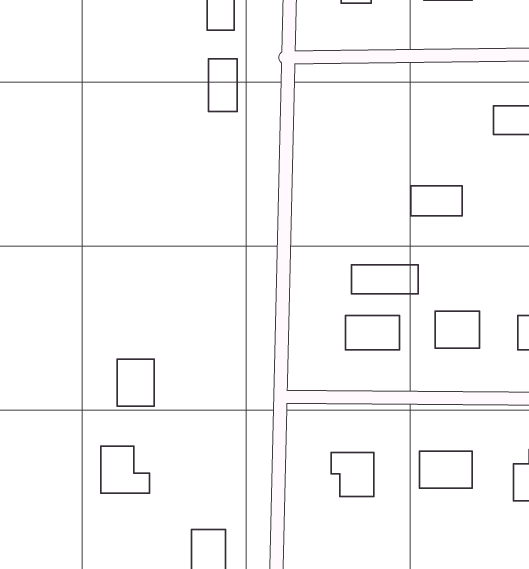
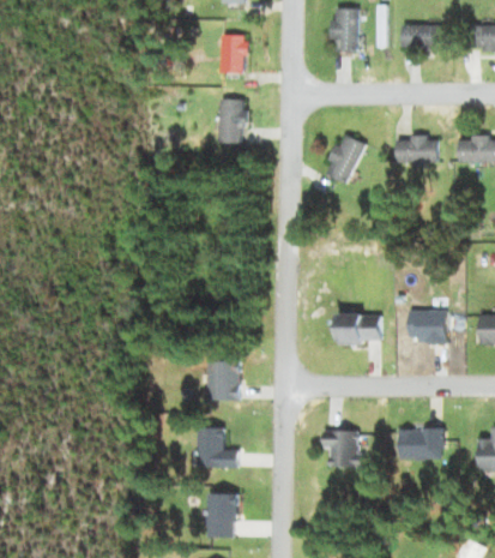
building: none -> [325,133,366,182]
building: [411,186,462,216] -> [396,137,439,162]
building: [352,265,418,294] -> none
building: [117,359,154,406] -> [209,360,240,400]
building: [101,446,149,493] -> [197,427,237,467]

